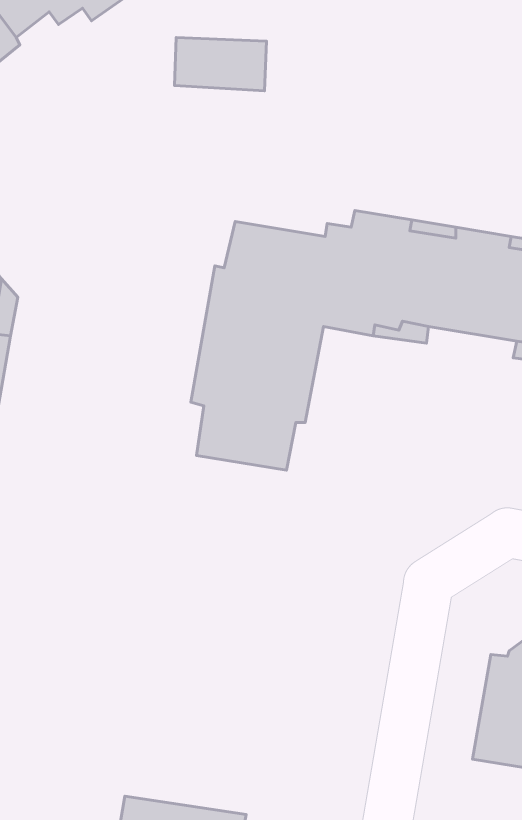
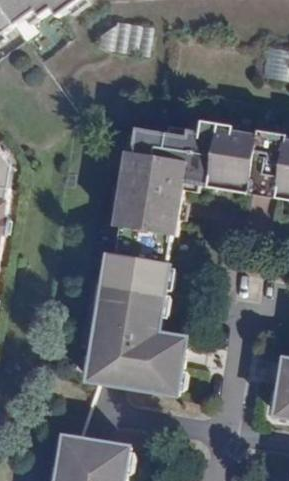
building: none -> [83,251,181,392]

